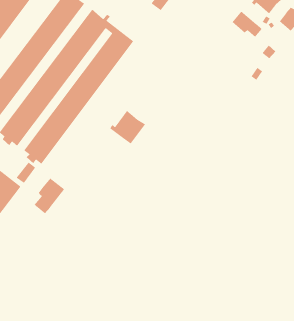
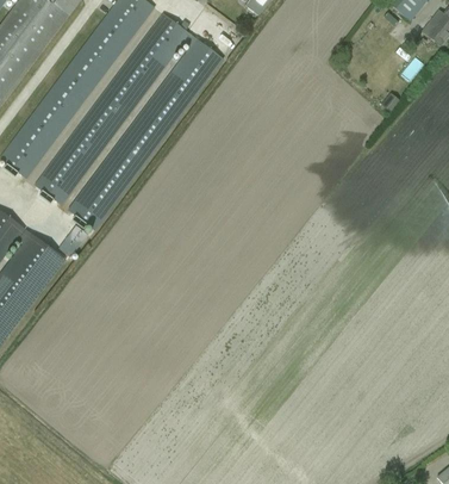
building: [232,11,263,38] -> none
building: [109,110,146,145] -> none
building: [34,178,65,214] -> none

